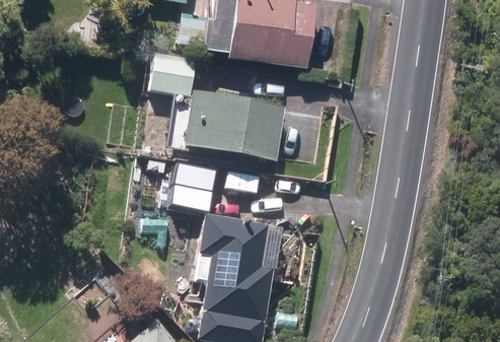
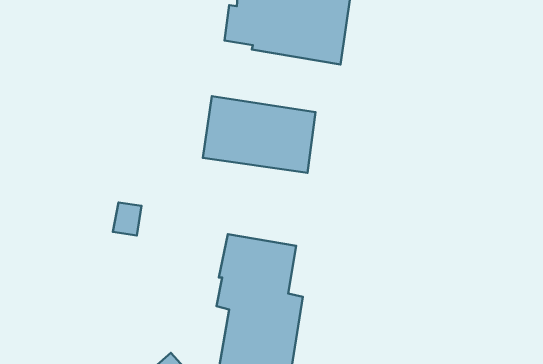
building: [148,54,196,97] -> none
building: [167,170,210,212] -> none

